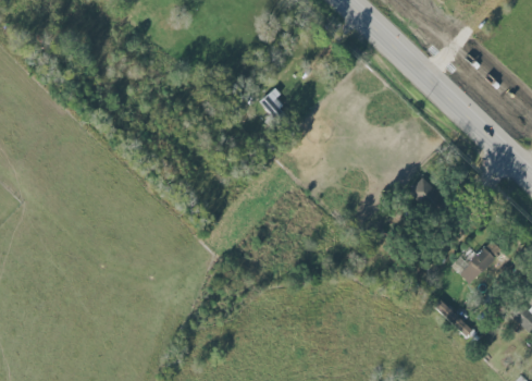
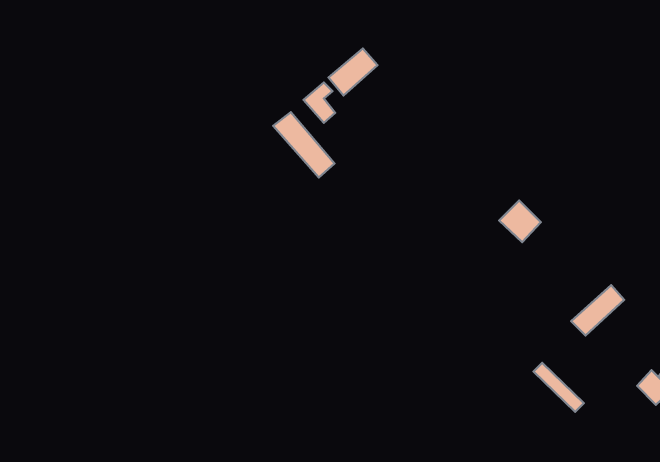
building: none -> [329,48,378,96]
building: none -> [273,112,335,177]

